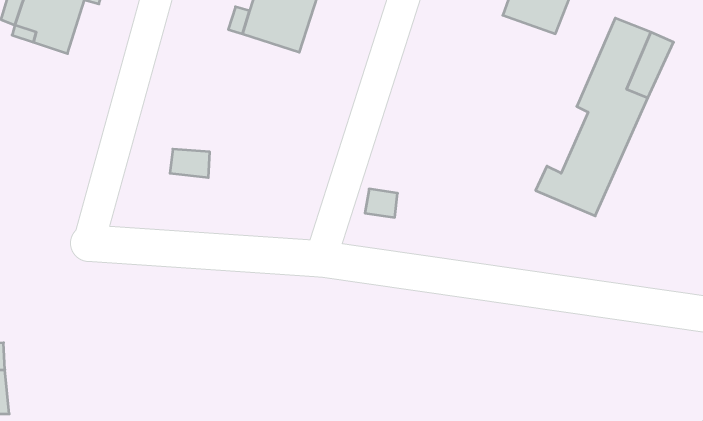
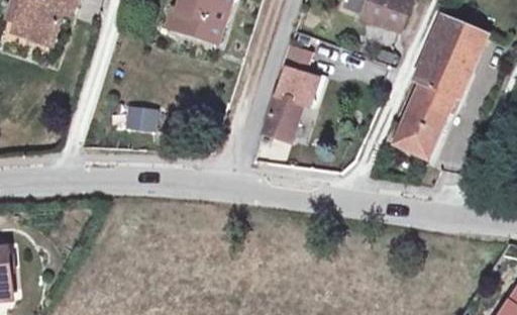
building: none -> [267,45,321,139]

